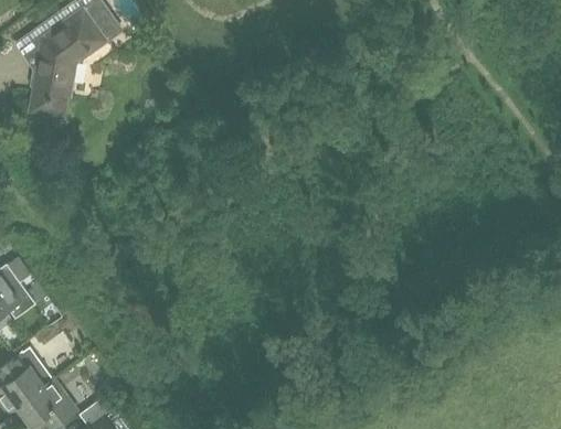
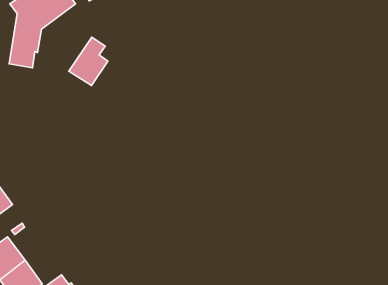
building: none -> [69,37,108,86]

